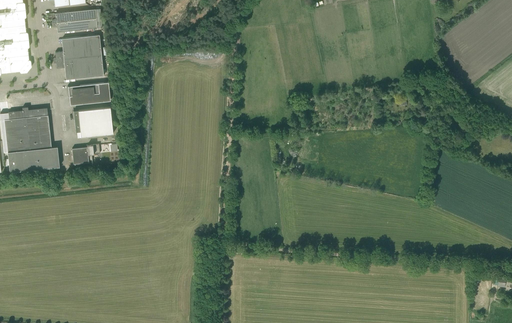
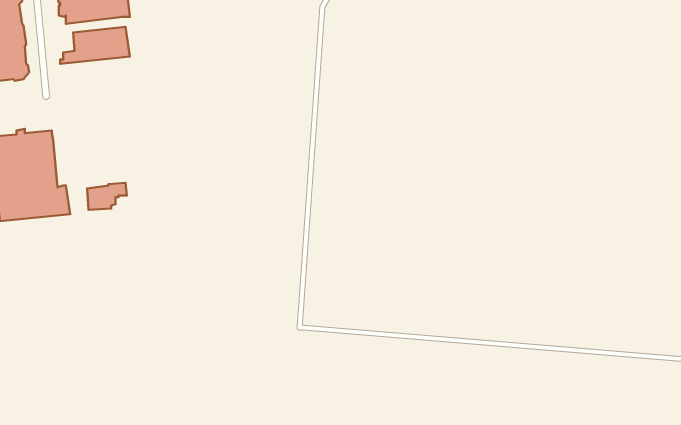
building: [53,55,104,79] -> none
building: [67,82,110,104] -> none
building: [73,106,113,136] -> none

